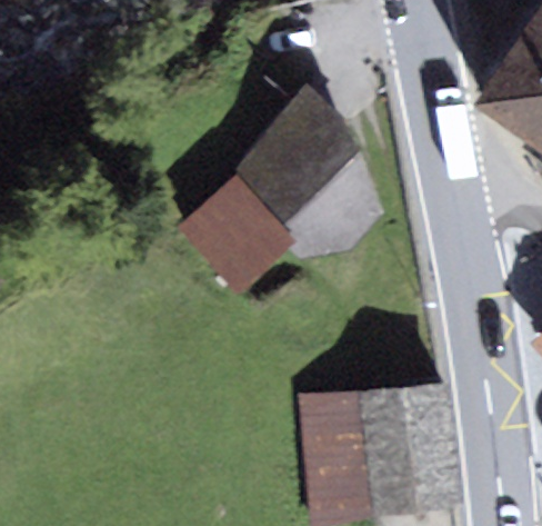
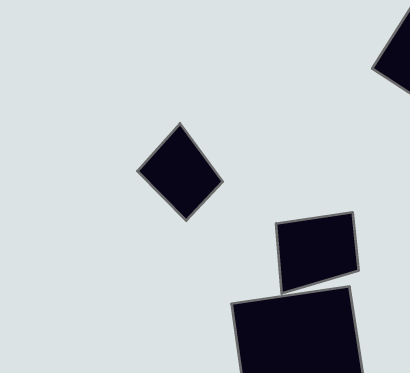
building: [232,87,387,258] -> none
building: none -> [276,212,358,294]

